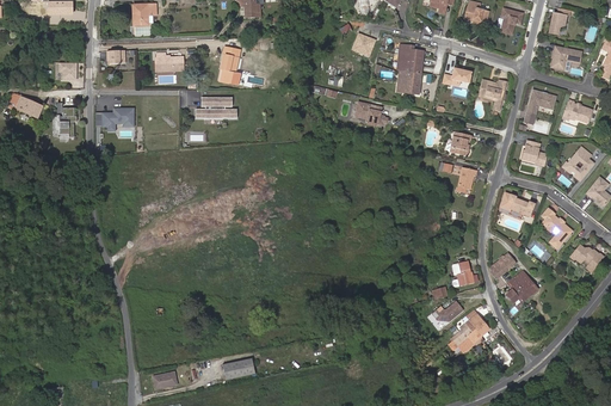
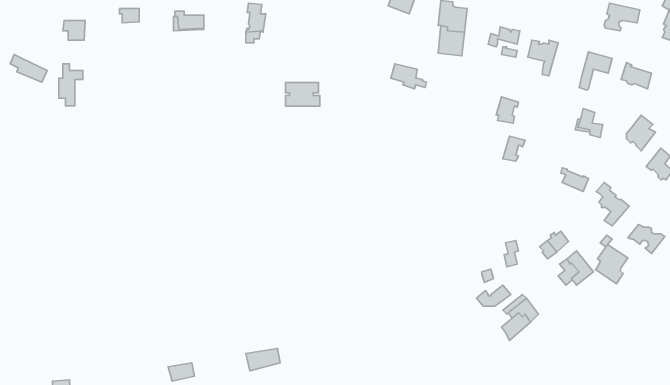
building: [202,97,233,118] -> [286,82,320,106]
building: [97,106,134,129] -> none
building: none -> [595,244,628,284]

